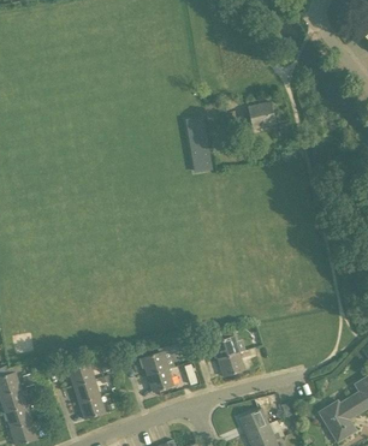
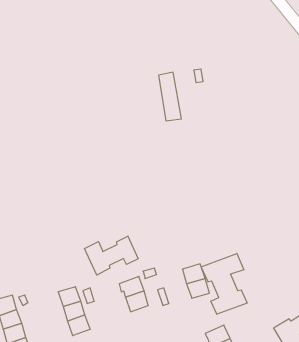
building: [248,102,275,129] -> none
building: none -> [84,236,138,275]
building: none -> [201,253,247,314]

